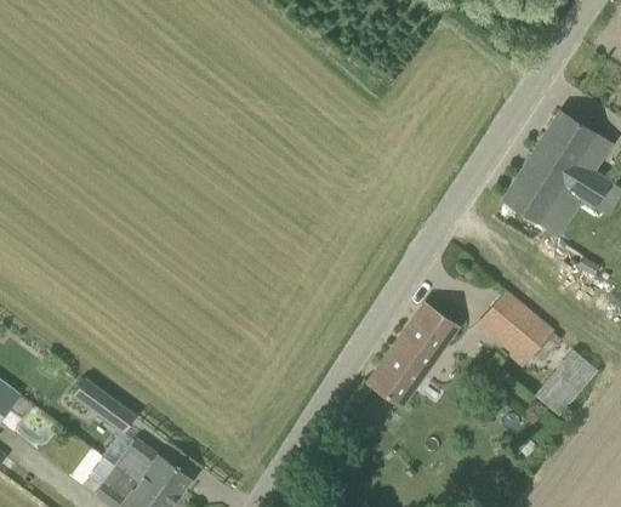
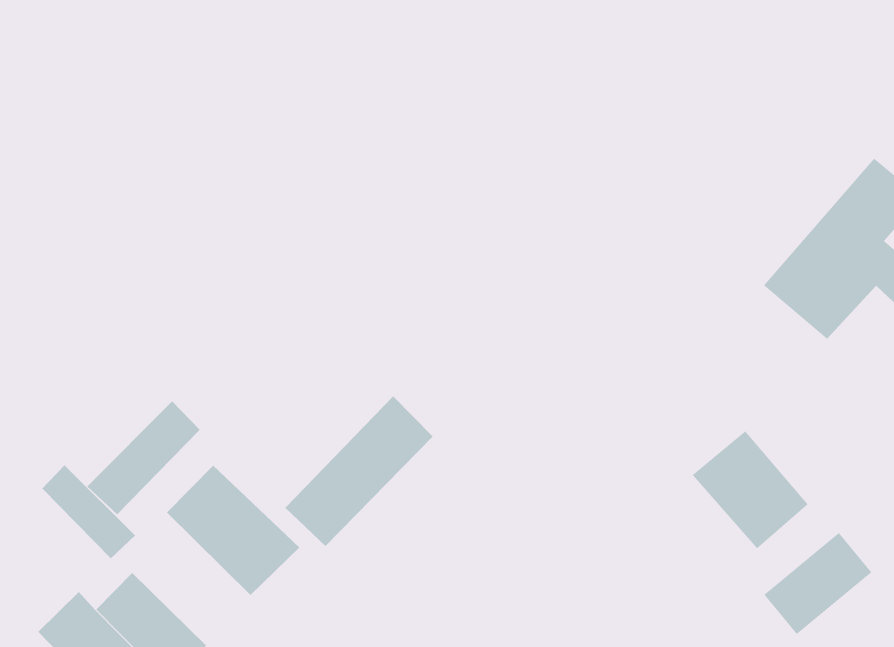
building: [370,303,456,404] -> [285,396,434,547]
building: none -> [86,401,200,515]
building: none -> [166,465,300,596]

